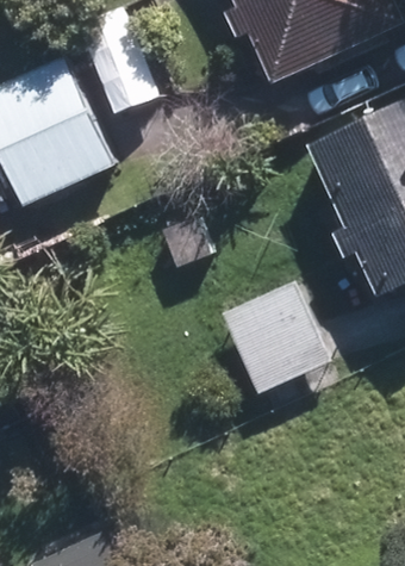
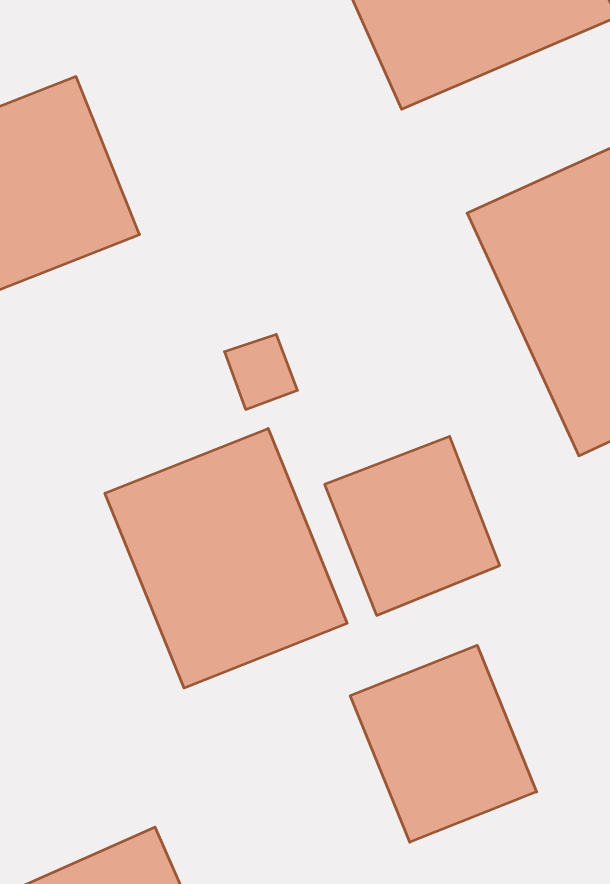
building: none -> [105,428,347,688]
building: none -> [350,645,537,842]

